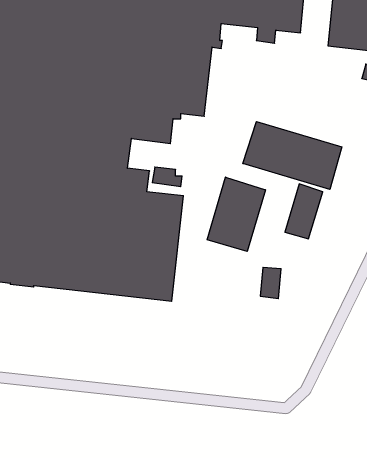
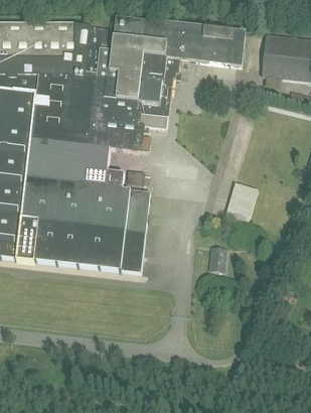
building: [243,122,342,189] -> none
building: [207,177,265,251] -> none

